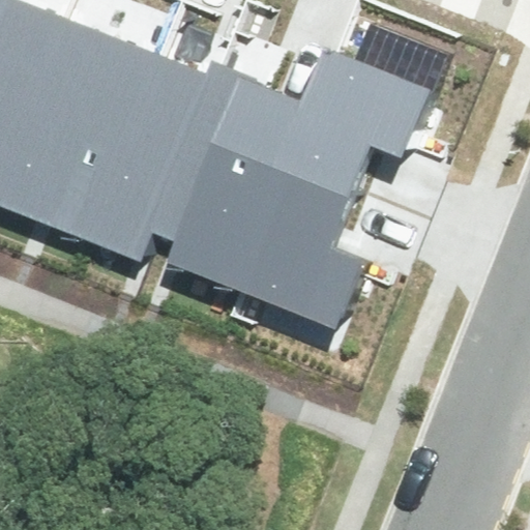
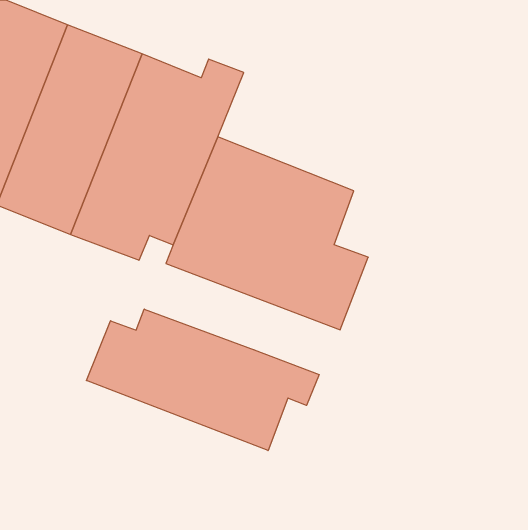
building: [217,37,435,190] -> none
building: none -> [86,309,319,451]

